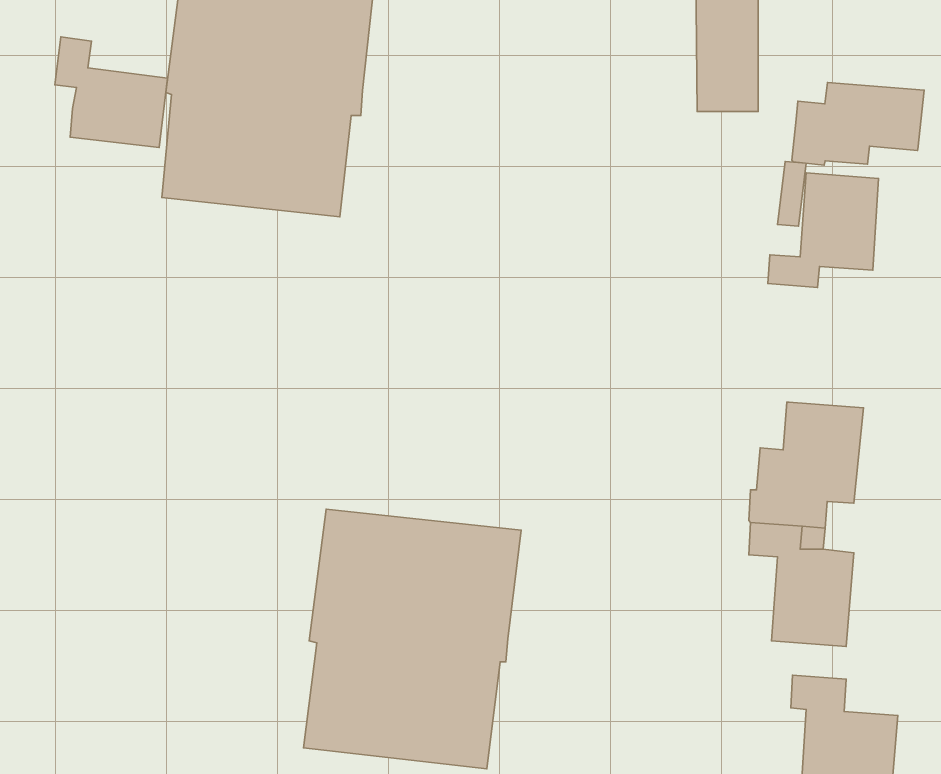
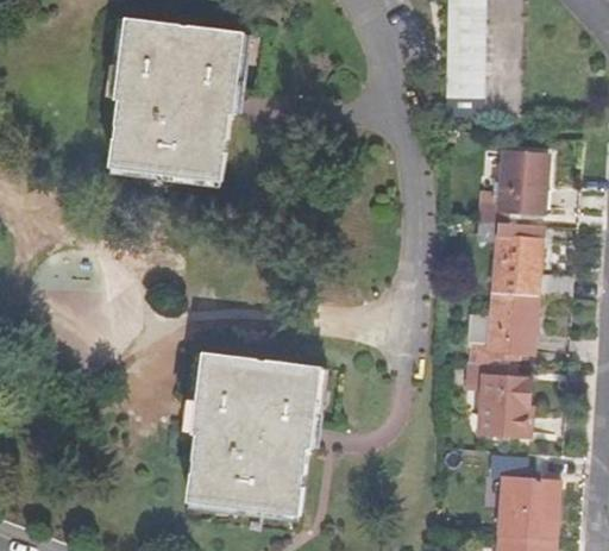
building: [55,37,168,147] -> none
building: [792,83,924,165] -> none
building: none -> [481,217,580,298]

